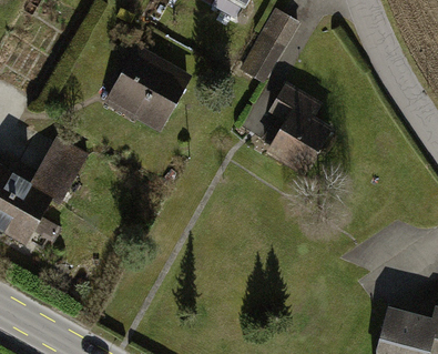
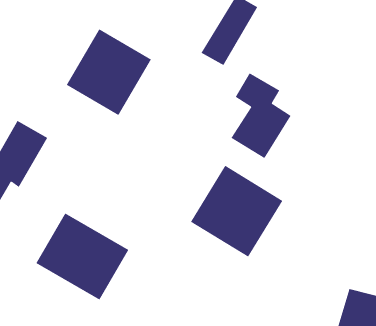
building: none -> [190,165,283,258]
building: none -> [36,213,129,301]

